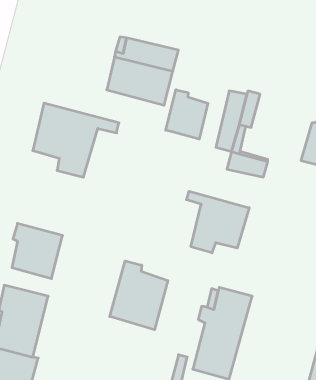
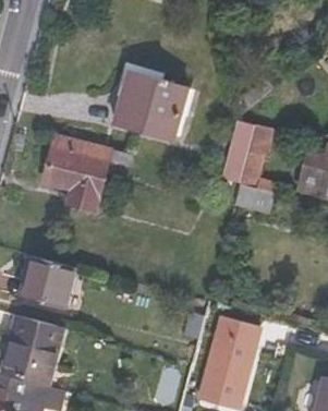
building: [166,90,208,139] -> none
building: [186,191,249,253] -> none
building: [110,261,168,330] -> none

